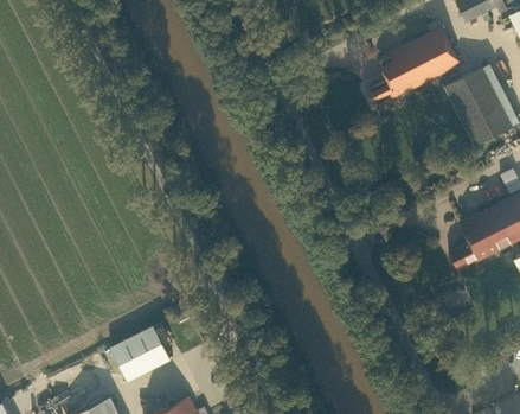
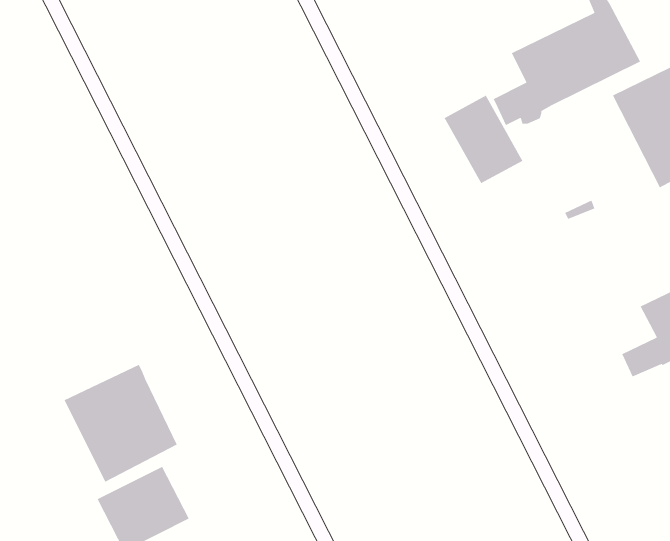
building: none -> [443,95,524,184]
building: none -> [63,364,178,483]

